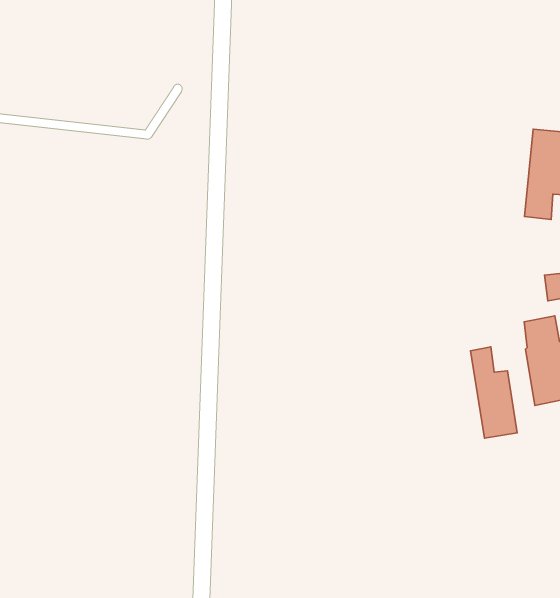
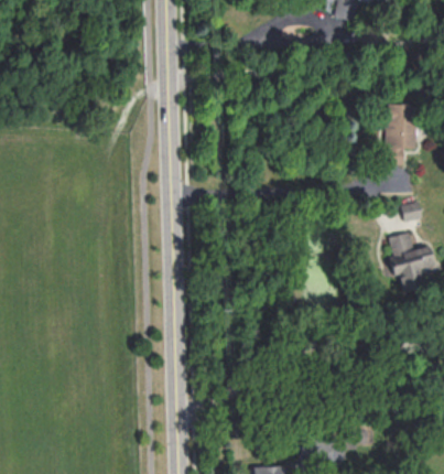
building: [470,347,517,438] -> none

